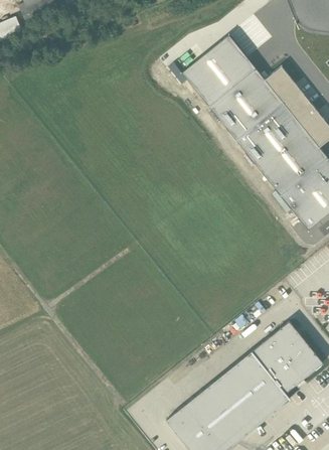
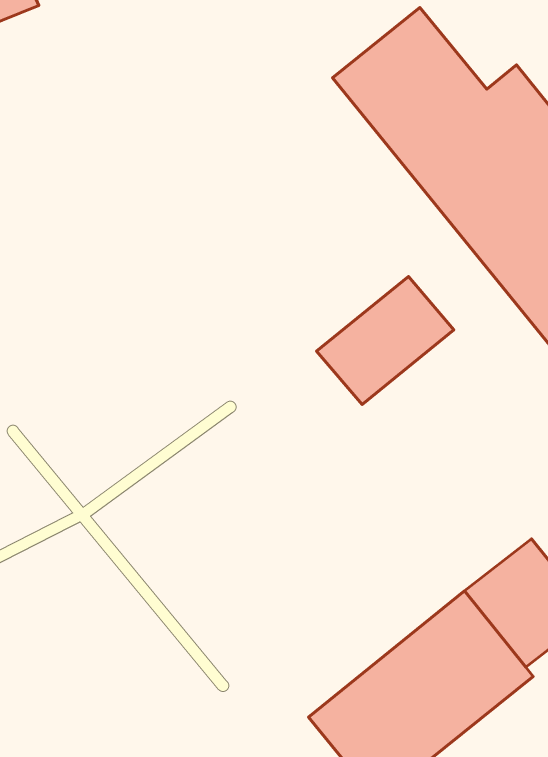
building: none -> [317,276,454,404]

